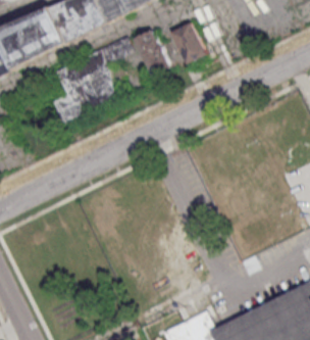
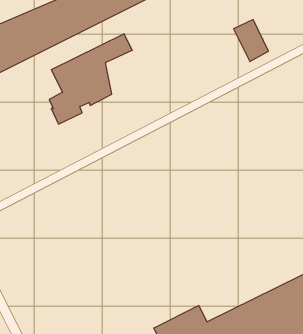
building: [173,25,208,66] -> [234,20,268,62]
building: [136,31,172,78] -> none

